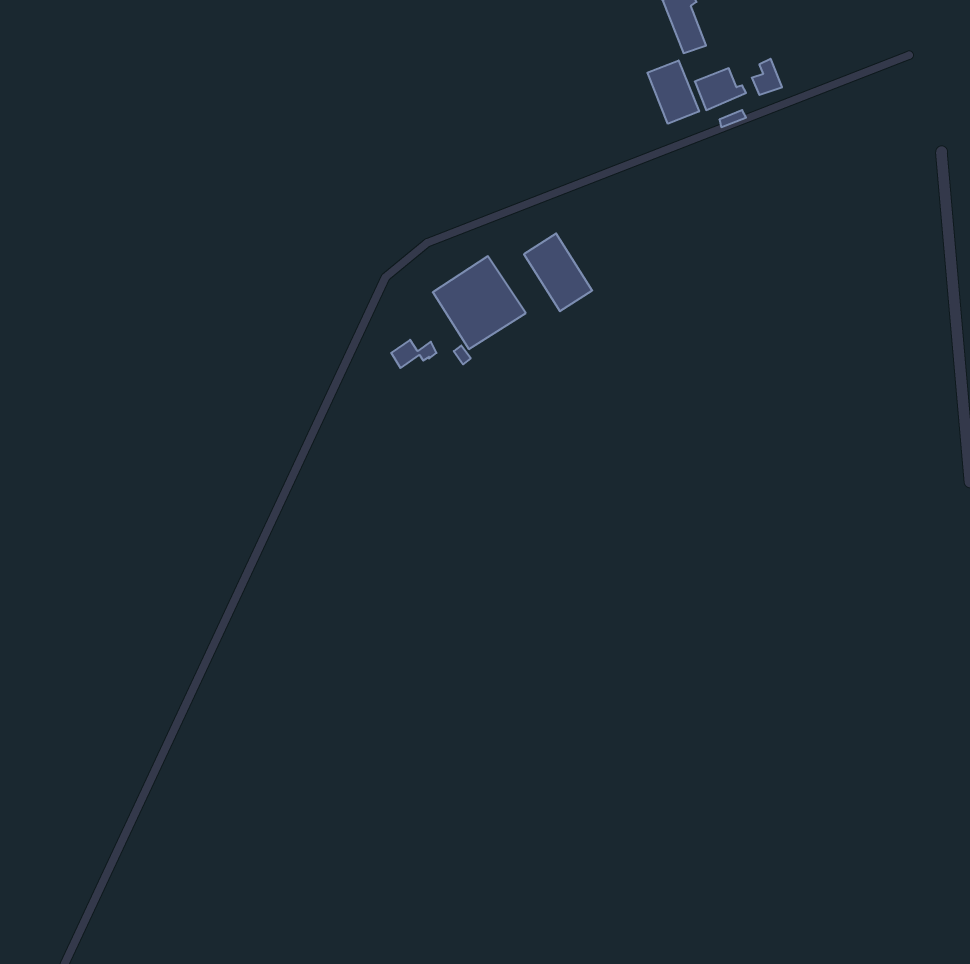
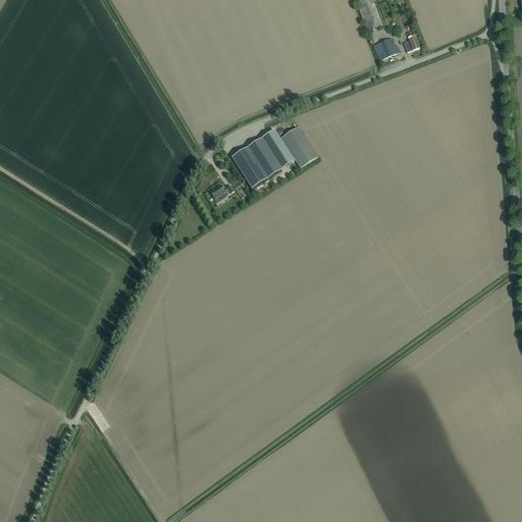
building: [647,60,699,124] -> none
building: none -> [262,128,296,168]

